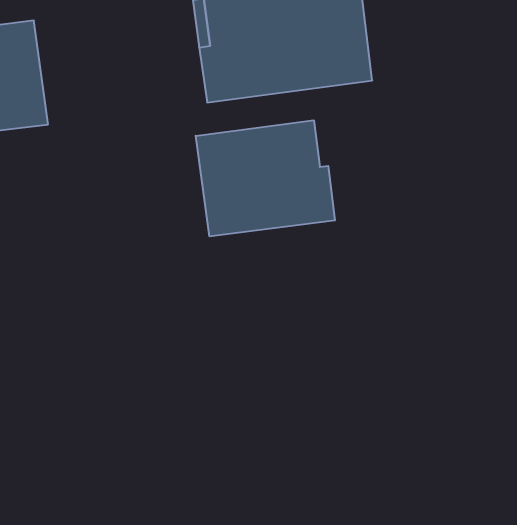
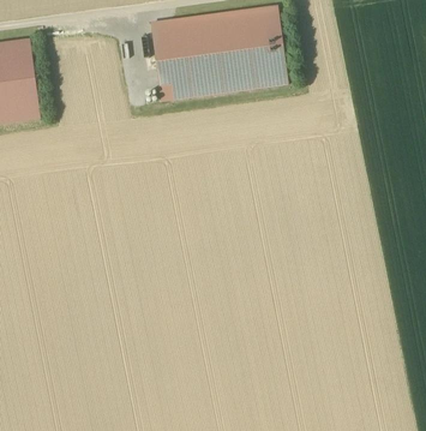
building: [196,120,335,236] -> none

